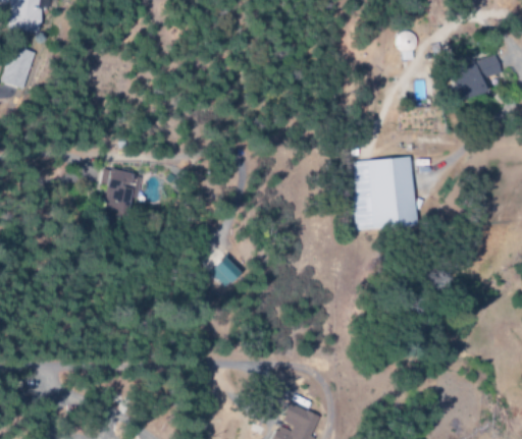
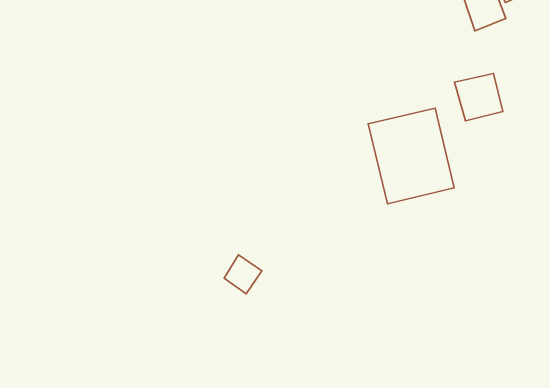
building: none -> [454,73,503,121]
building: [100,169,142,211] -> none

